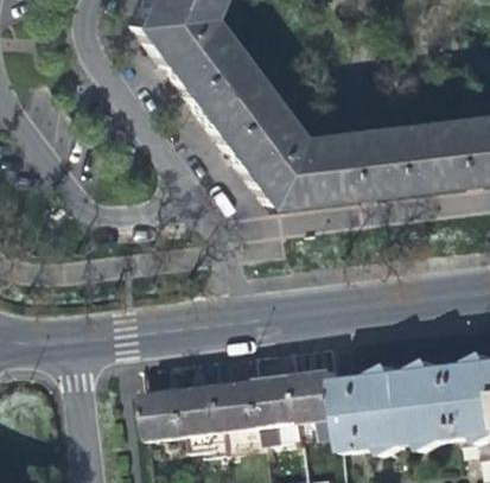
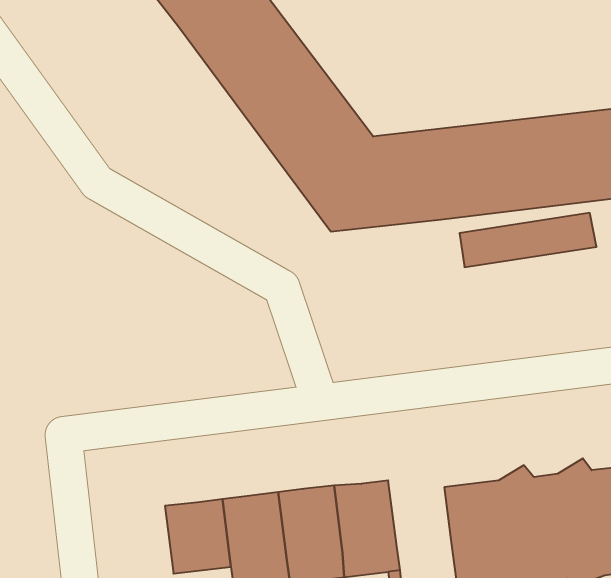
building: [311,373,355,424] -> none

